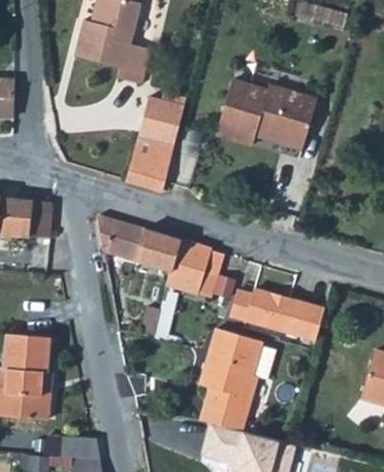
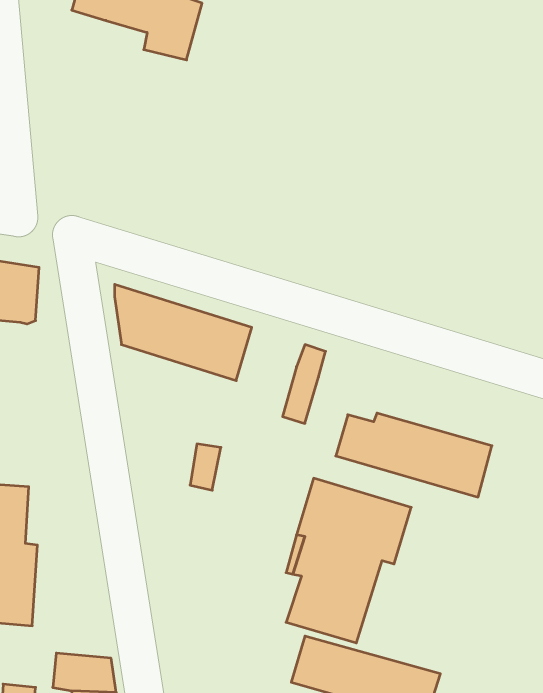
building: [216,80,316,149] -> none
building: [126,96,184,190] -> none
building: [167,240,212,294] -> none

